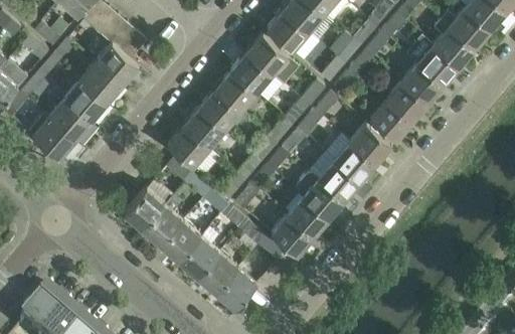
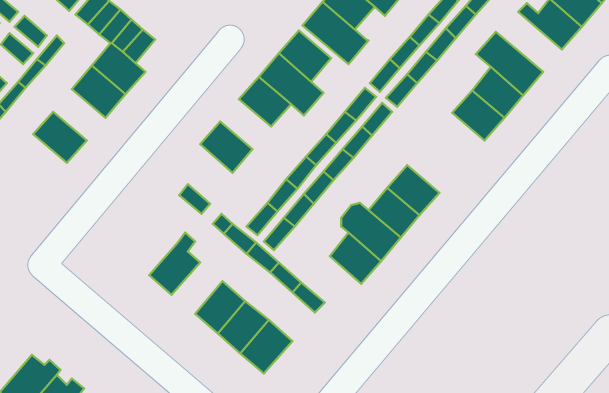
building: [435,16,476,64] -> none
building: [65,78,108,120] -> none
building: [200,87,241,127] -> none
building: [371,98,413,139] -> none
building: [28,111,76,157] -> none
building: [351,121,393,162] -> none
building: [168,123,210,165] -> none
building: [124,186,166,228] -> none
building: [272,213,314,255] -> none
building: [161,218,202,260] -> none

